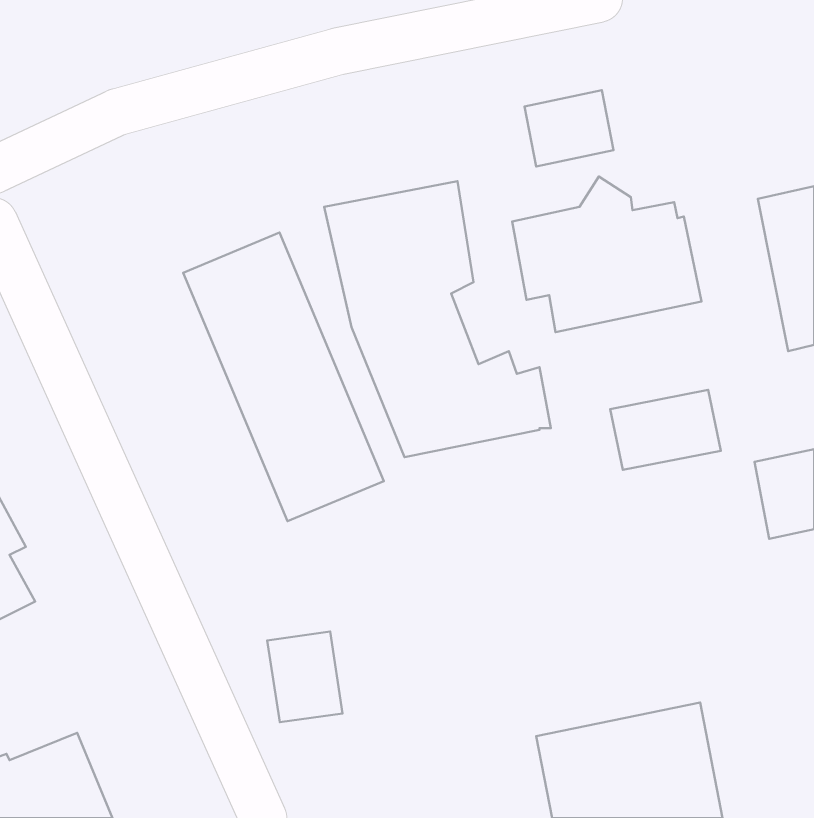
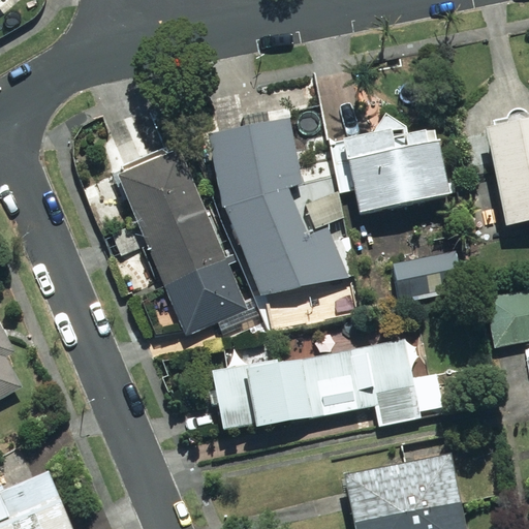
building: [524,90,614,166] -> none
building: none -> [213,340,415,429]
building: [267,632,342,722] -> none

